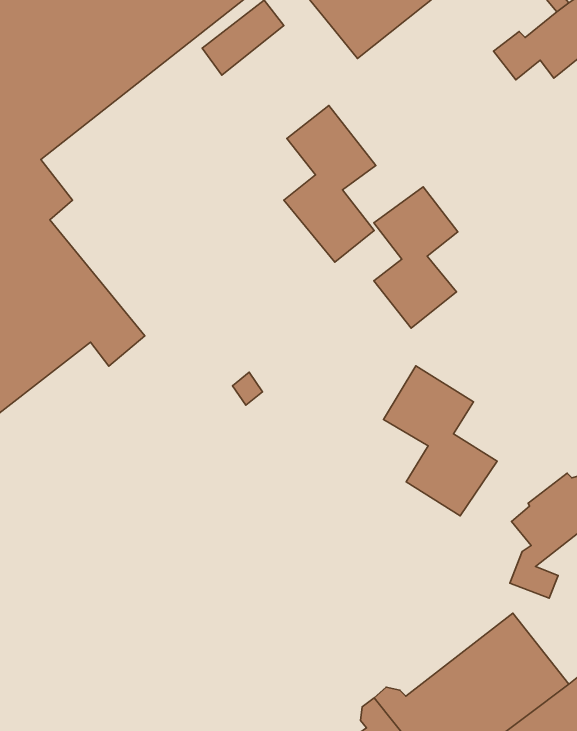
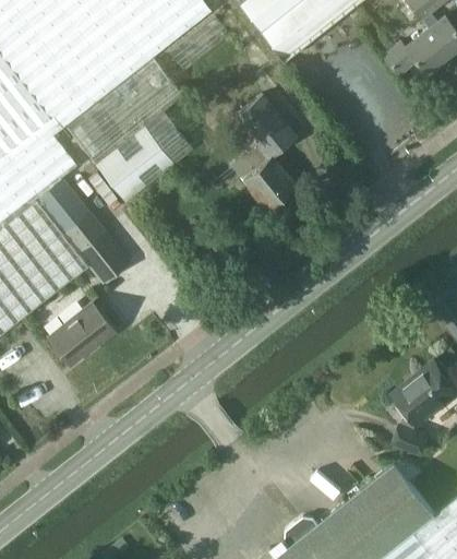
building: none -> [65,58,193,203]
building: [374,187,458,328] -> none
building: [383,366,497,516] -> none
building: none -> [47,301,113,365]

